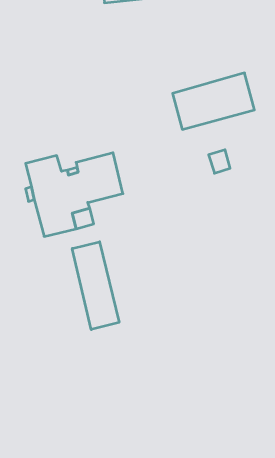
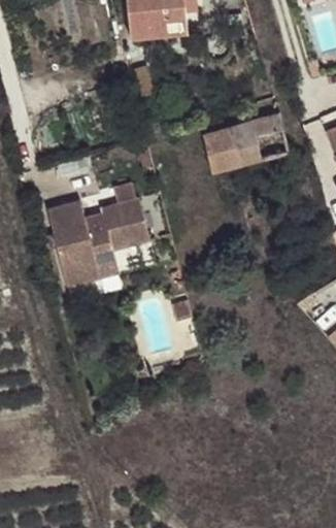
building: [72,242,119,330] -> none

